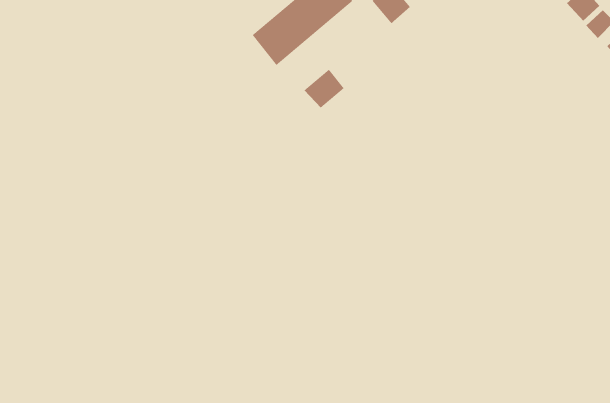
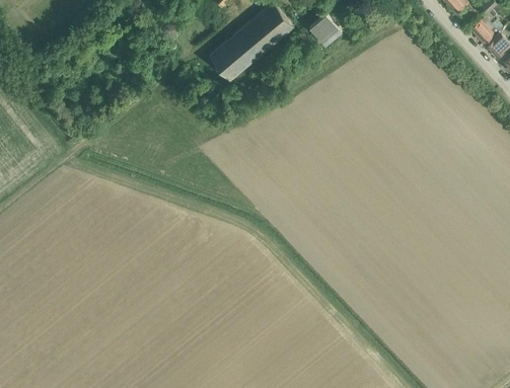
building: [304,69,344,109] -> none

